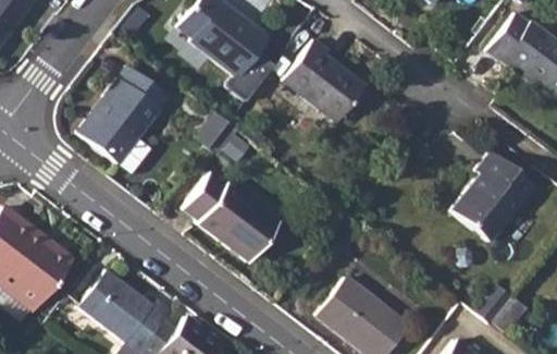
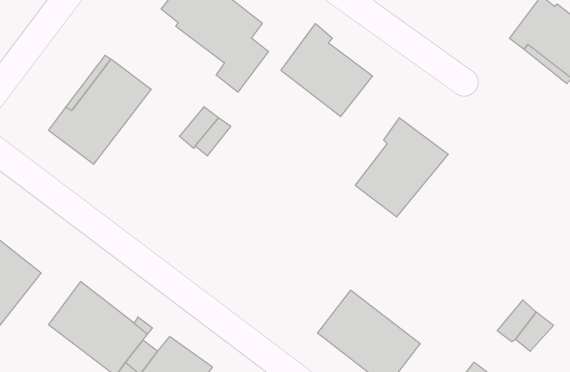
building: [453,152,535,241] -> [355,118,448,217]
building: [184,174,281,264] -> none

